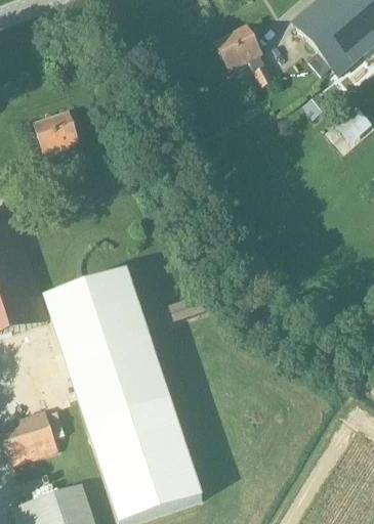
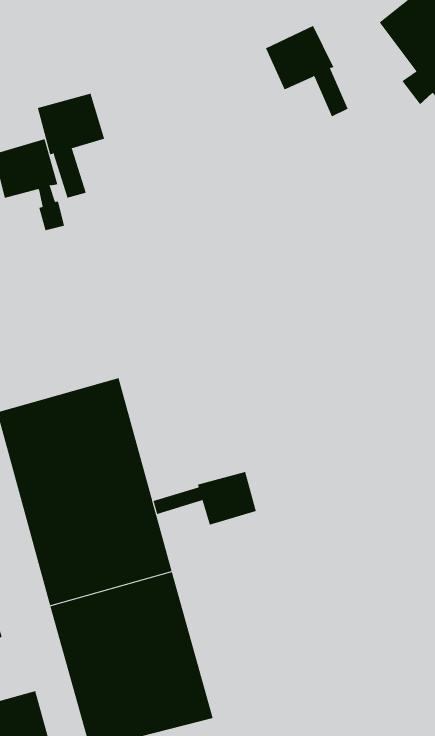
building: none -> [37,93,105,198]
building: none -> [153,471,257,525]

